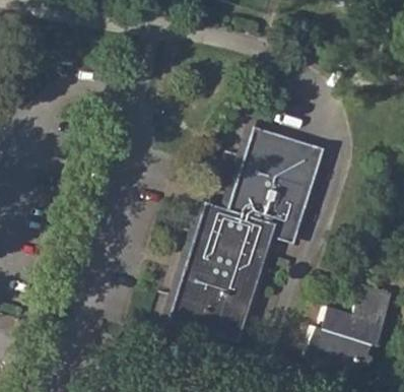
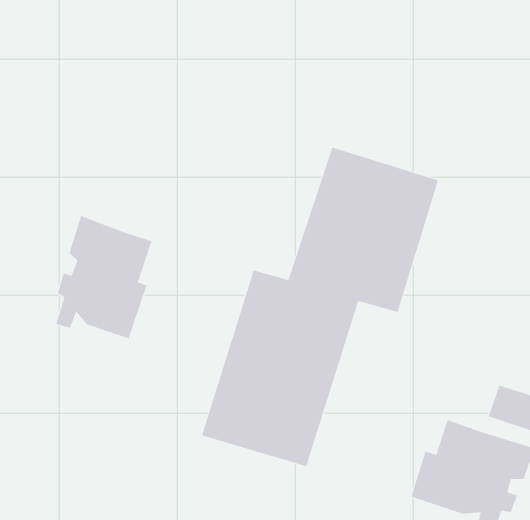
building: none -> [56,215,152,339]

